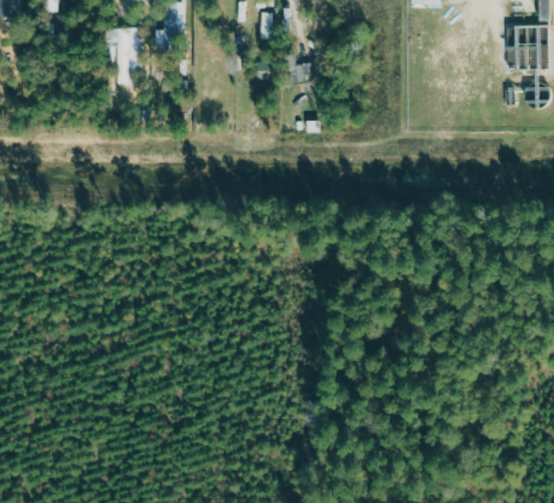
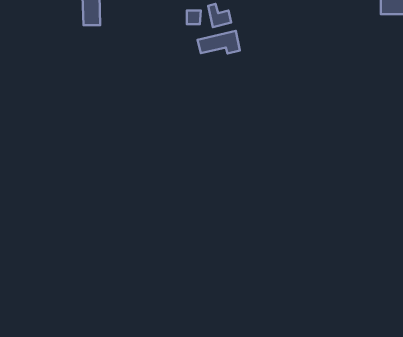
building: none -> [197,31,240,54]

